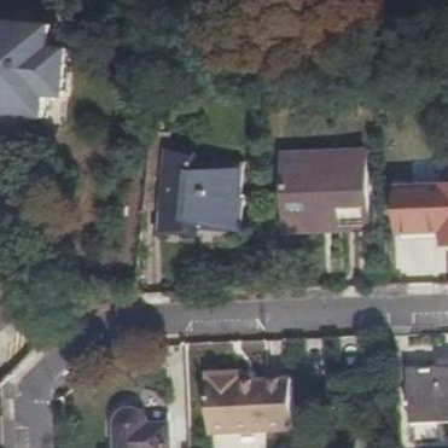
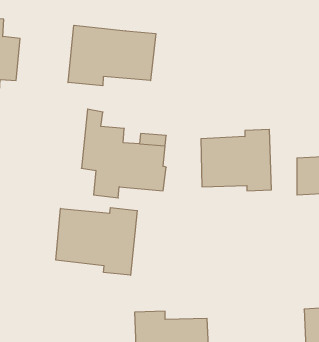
building: none -> [68,25,156,86]
building: none -> [56,208,137,275]

